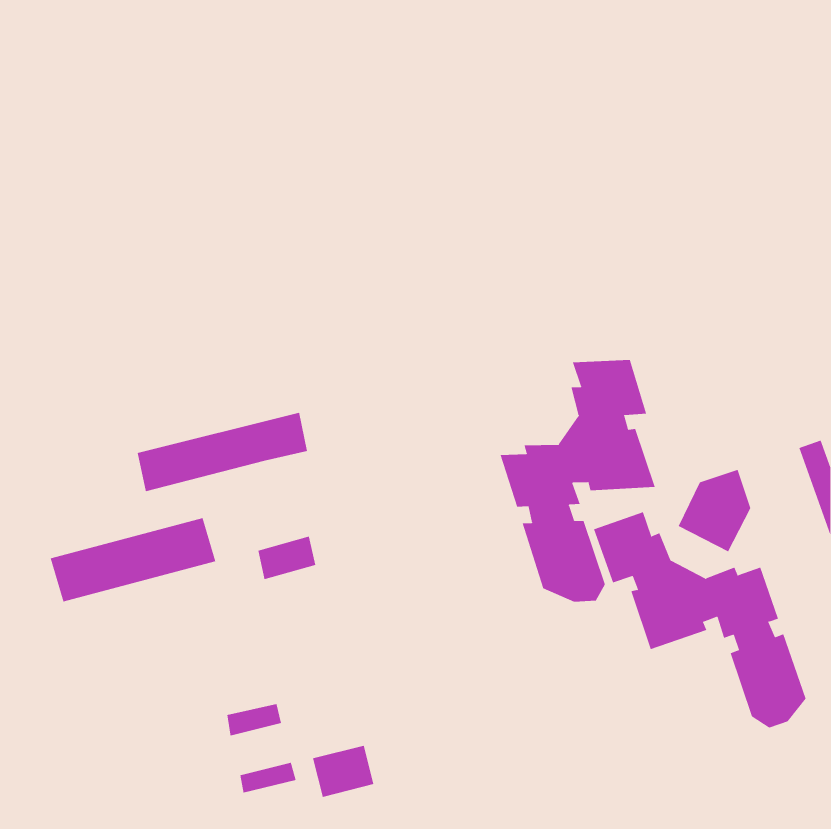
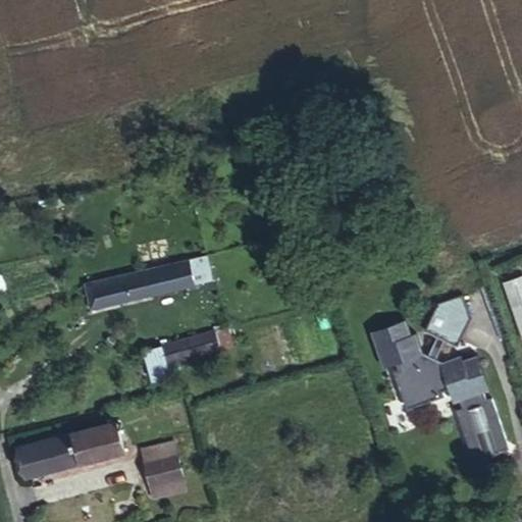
building: [500,359,655,603] -> none
building: [50,518,216,602] -> [18,423,122,476]
building: [312,745,374,797] -> [144,455,182,487]

